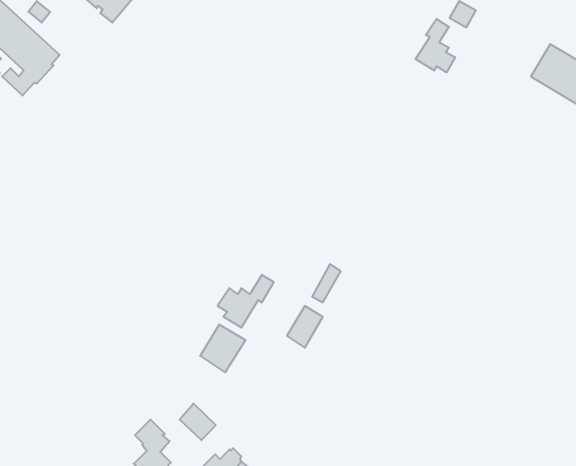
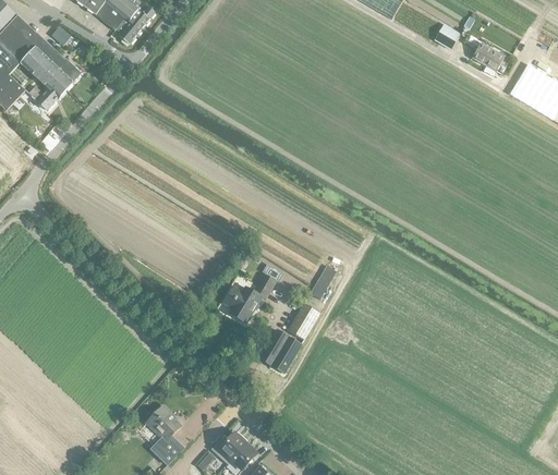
building: [416,19,455,72] -> none
building: none -> [472,41,504,71]
building: [200,325,246,372] -> [259,329,301,373]
building: [180,403,216,440] -> none

